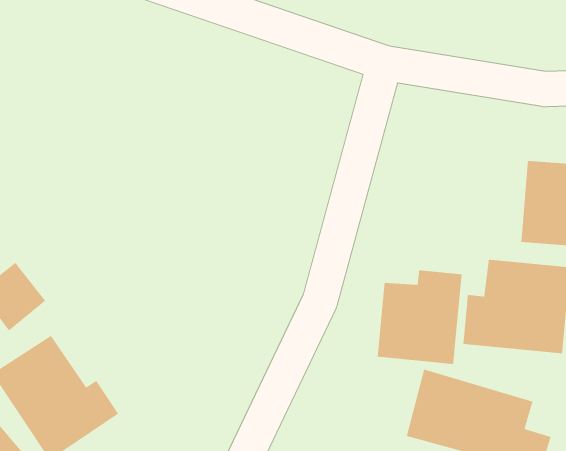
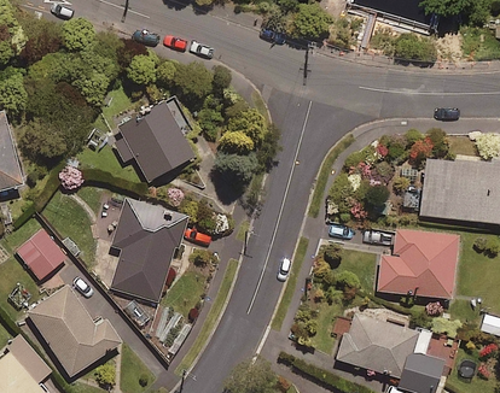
building: none -> [105,99,196,184]
building: none -> [111,200,186,304]
building: [377,269,463,365] -> none

